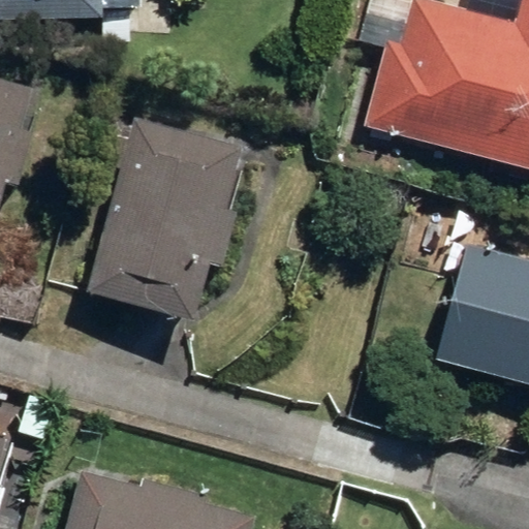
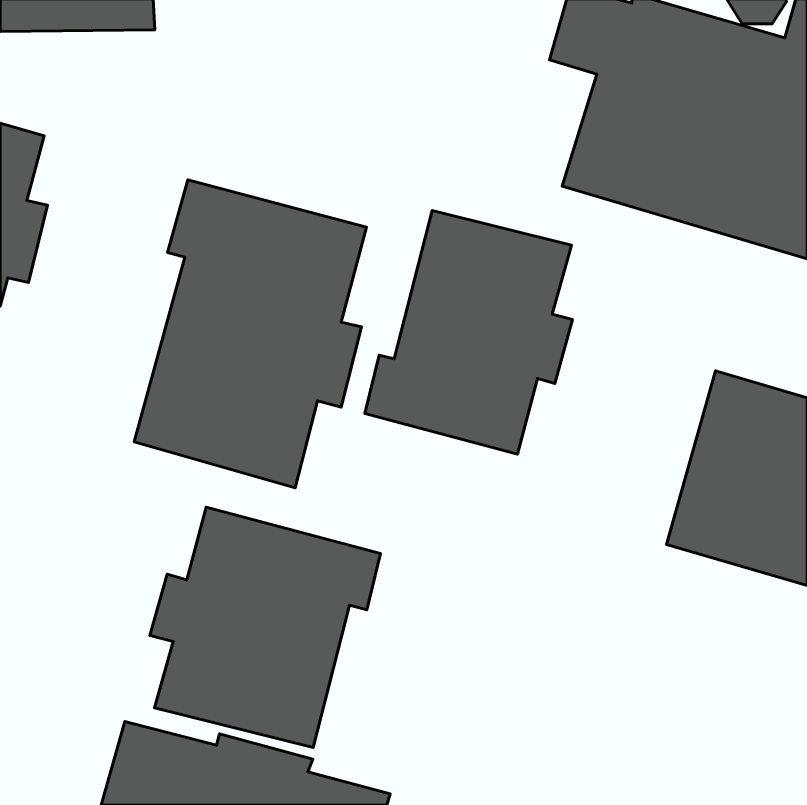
building: none -> [365,211,572,454]
building: none -> [150,507,380,748]

